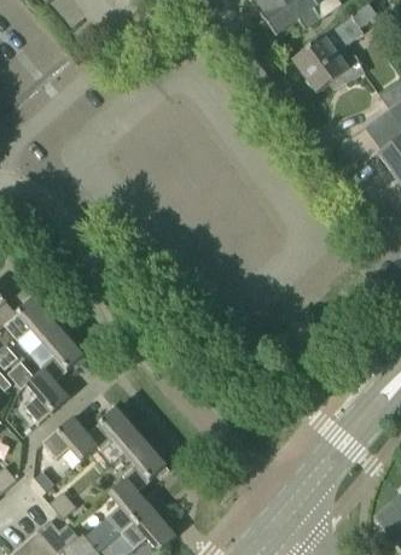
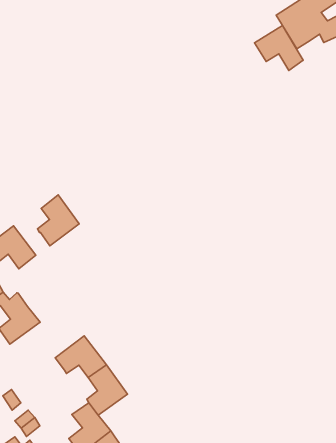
building: none -> [254,26,303,70]
building: [39,327,82,381] -> [37,195,79,246]
building: [41,416,97,460] -> none

